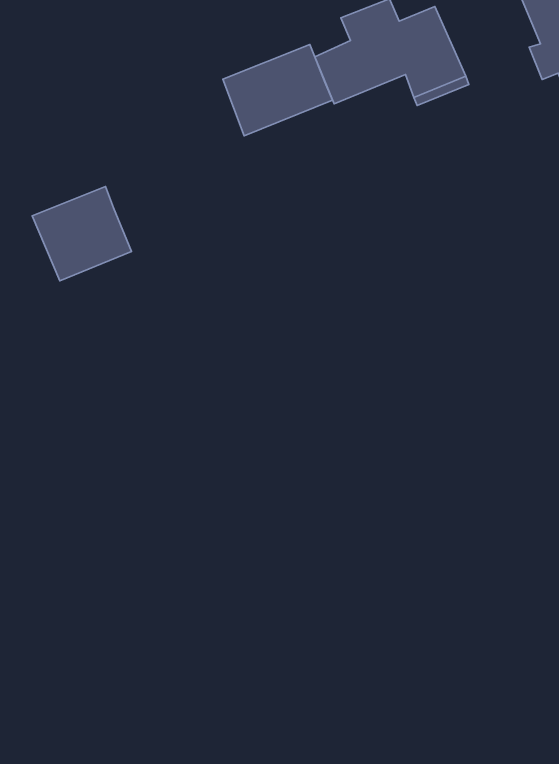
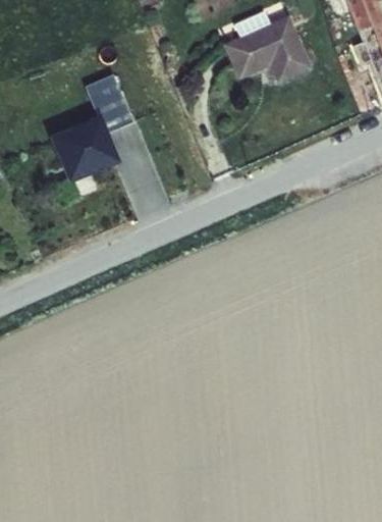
building: [223,45,332,136] -> none
building: none -> [78,84,124,140]

